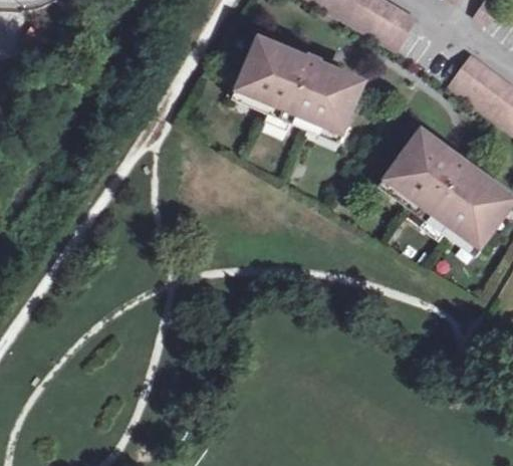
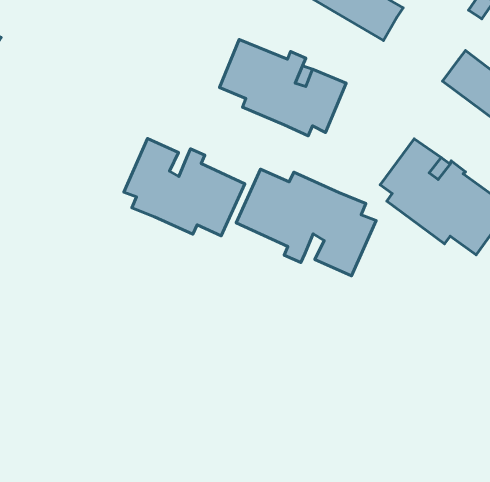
building: none -> [124,139,245,236]
building: none -> [236,169,376,276]

